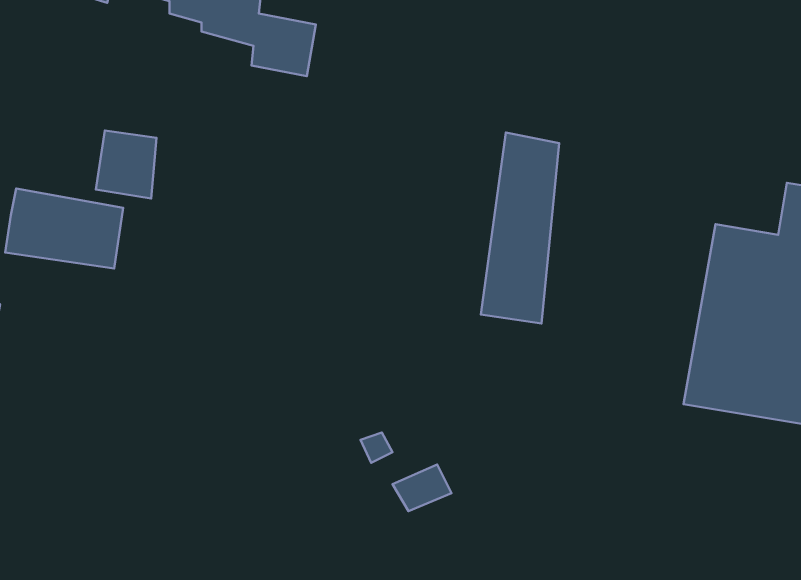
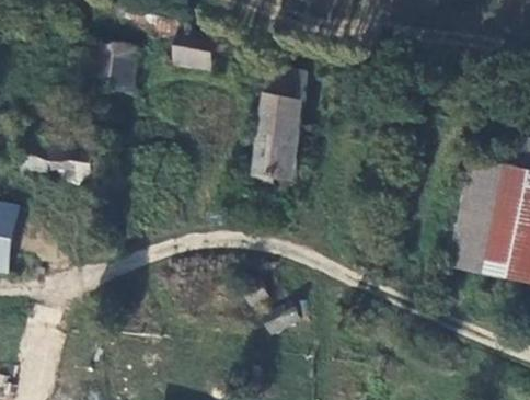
building: [96,131,157,198] -> [97,49,135,91]
building: [481,133,559,323] -> [255,67,303,184]

